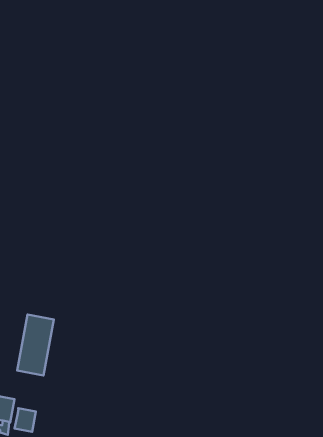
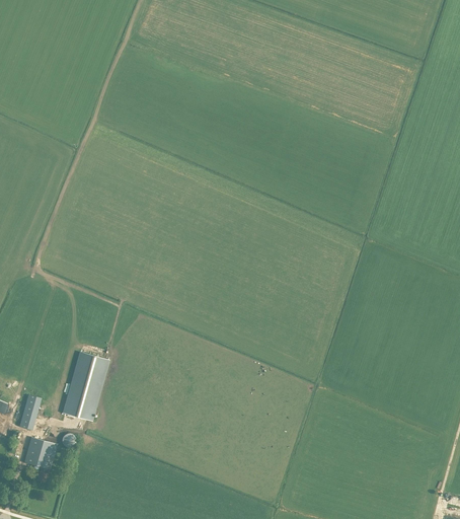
building: [14,408,36,432] -> none

